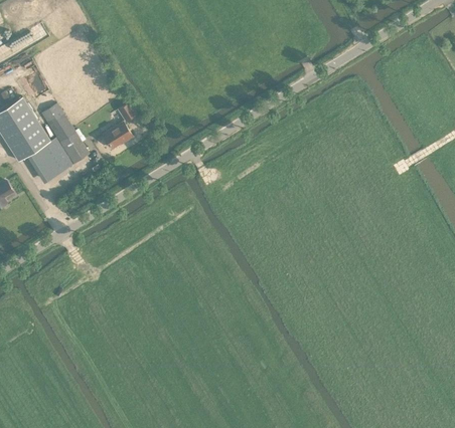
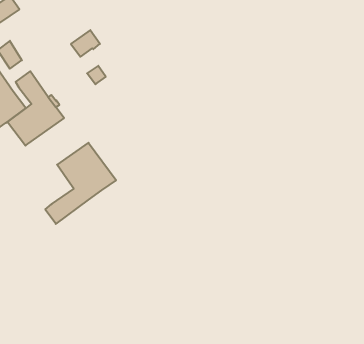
building: [102,122,132,149] -> [71,30,100,57]
building: none -> [45,143,116,224]

